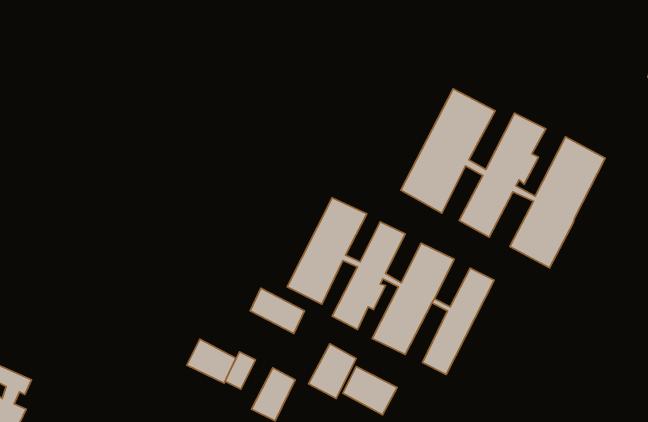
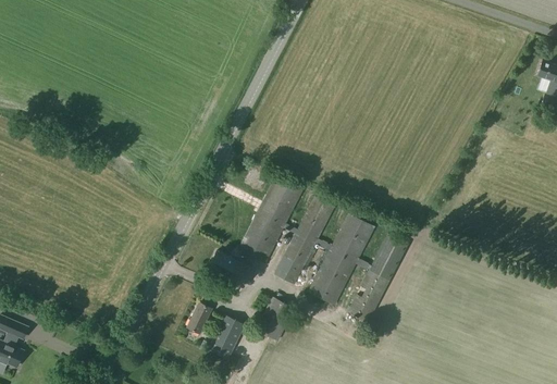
building: [401,89,605,268] -> none
building: [187,339,236,383] -> none
building: [343,367,397,415] -> none

